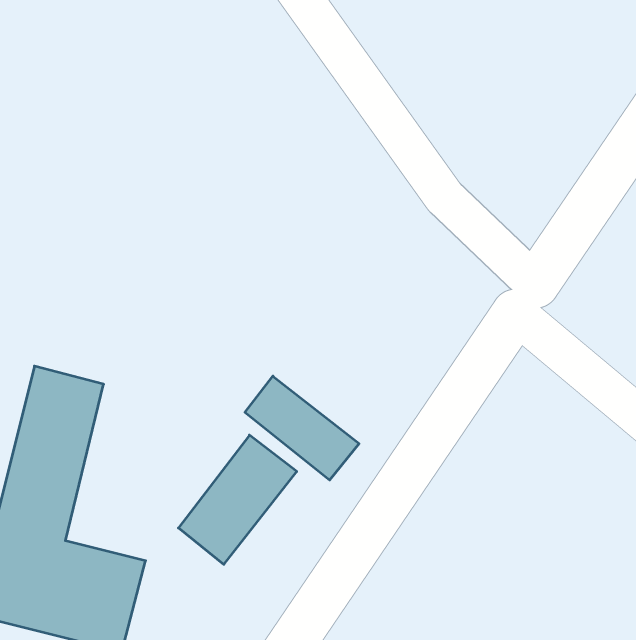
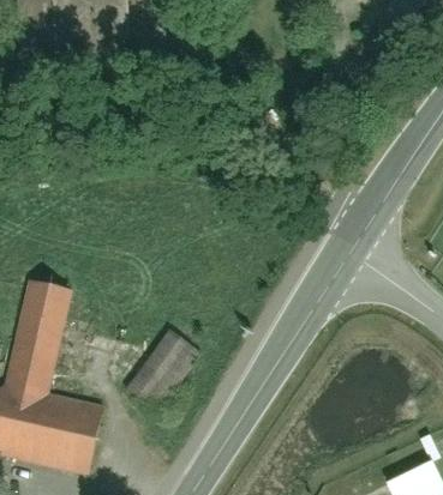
building: [245,376,359,480] -> none

